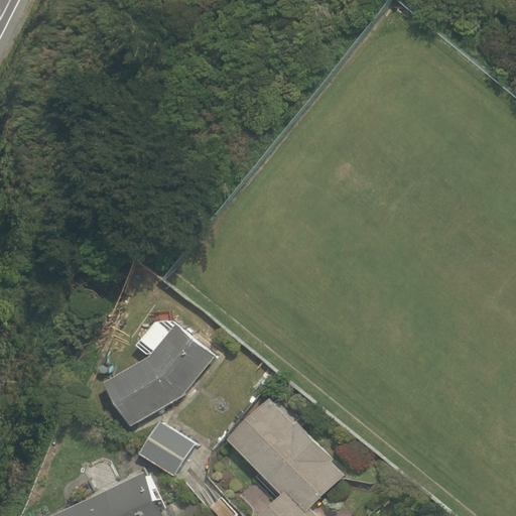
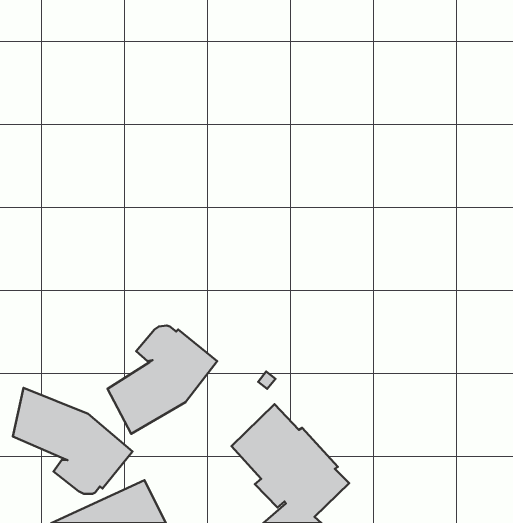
building: none -> [13,388,133,494]
building: [137,420,194,476] -> none

